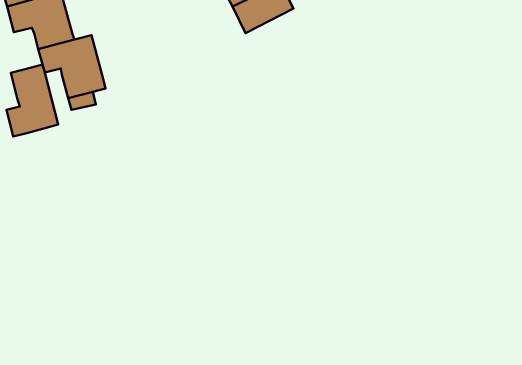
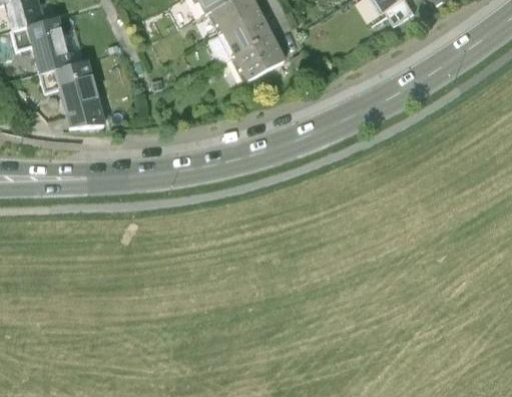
building: none -> [232,33,290,80]
building: [6,64,58,137] -> none

